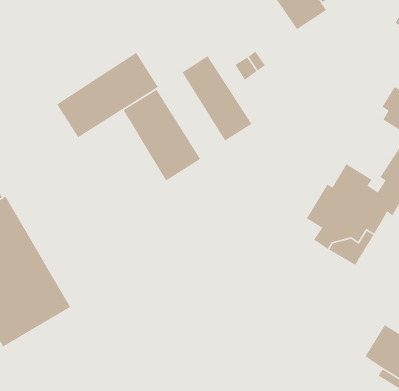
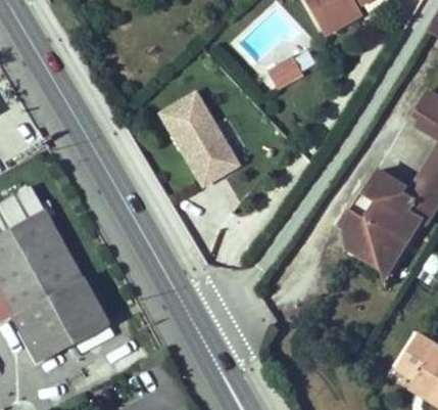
building: [56,52,159,138] -> none
building: [181,55,253,141] -> none

